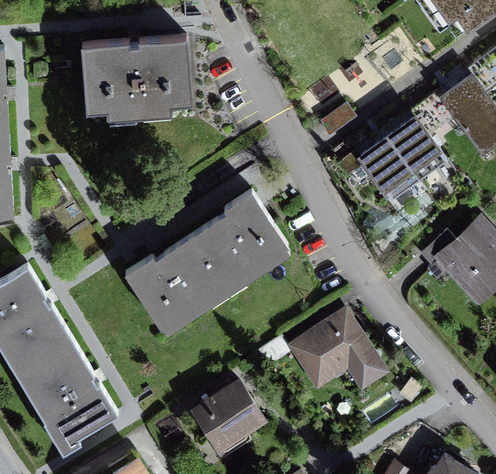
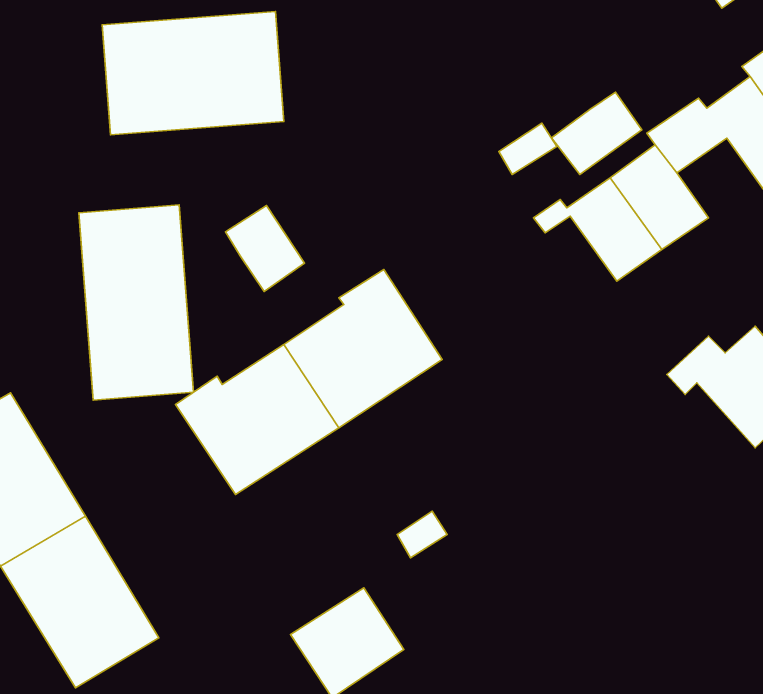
building: none -> [552,92,642,175]
building: none -> [79,205,194,400]
building: none -> [225,205,305,291]
building: [293,315,381,386] -> none

